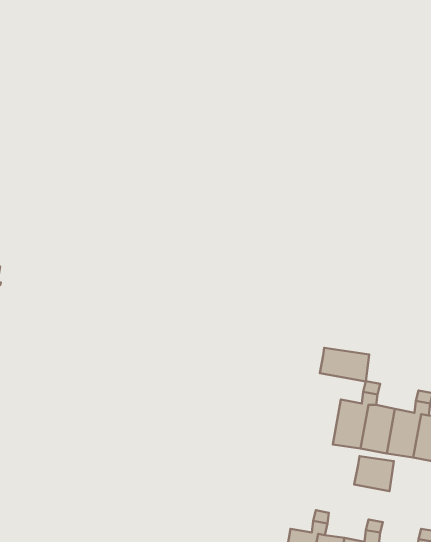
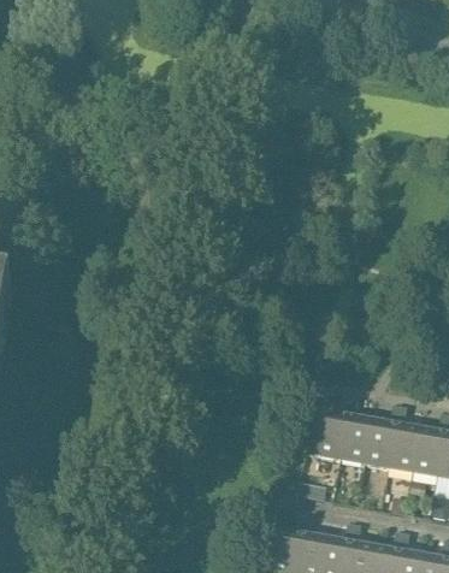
building: [320,348,369,381] -> none
building: [354,456,394,491] -> none

